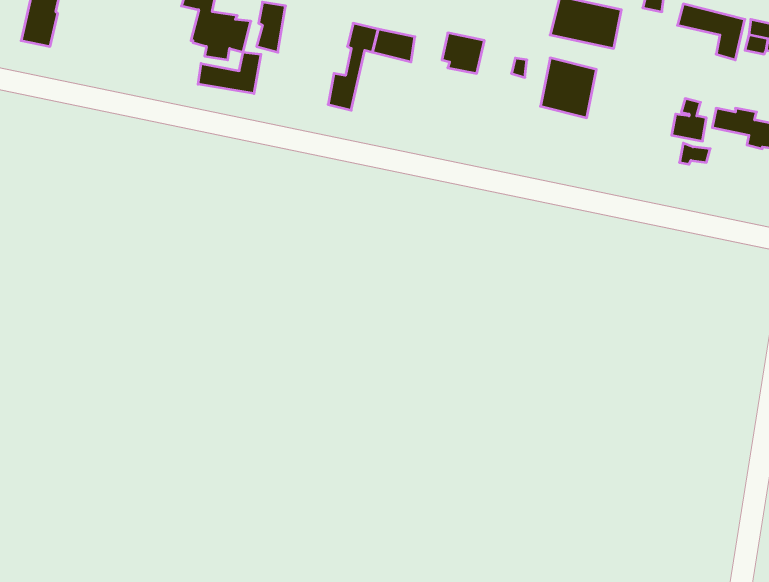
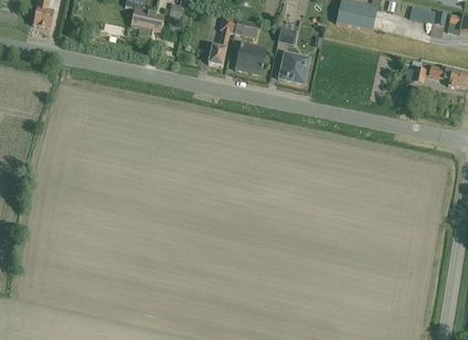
building: [198,52,261,94] -> none
building: [540,58,596,118] -> [278,50,310,84]
building: none -> [235,41,267,74]

